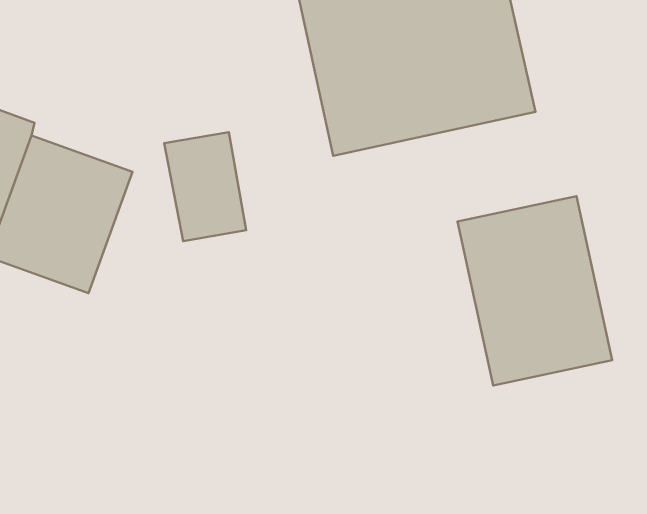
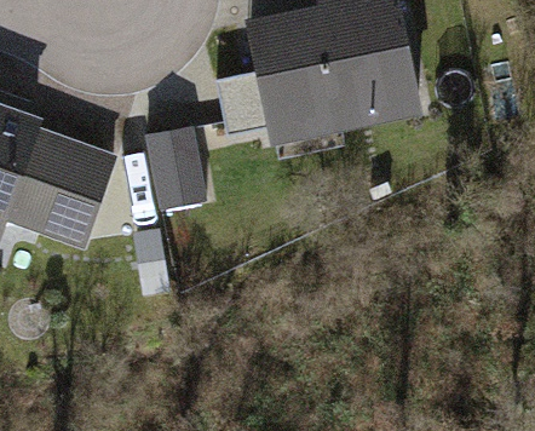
building: [457,196,612,386] -> none

